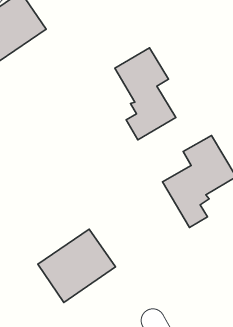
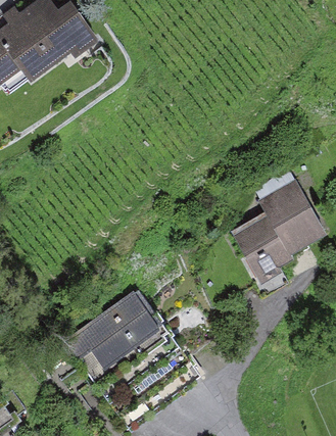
building: [115,48,176,140] -> none

